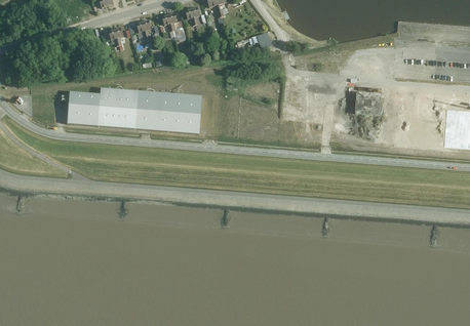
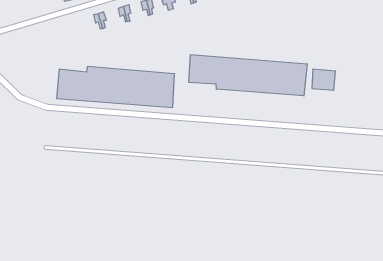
building: none -> [189,55,307,96]

